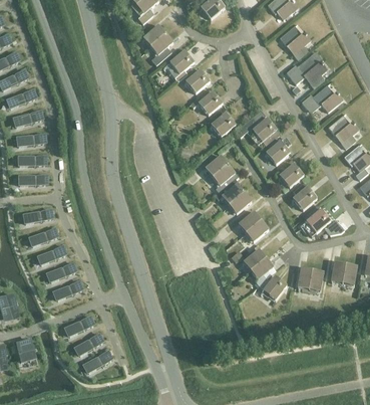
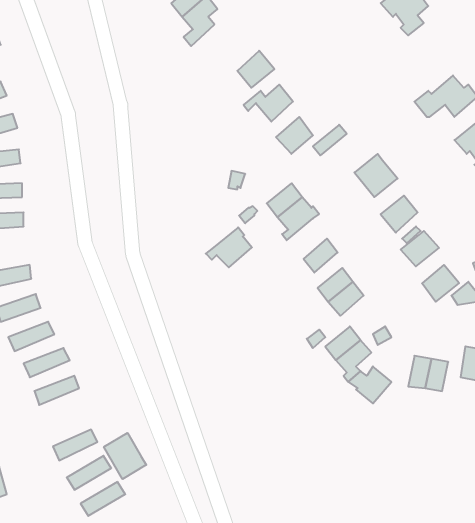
building: [164,49,194,80] -> none
building: [286,51,327,87] -> none
building: [252,118,279,145] -> none
building: [214,178,244,204] -> [206,227,252,267]
building: none -> [104,433,146,479]

